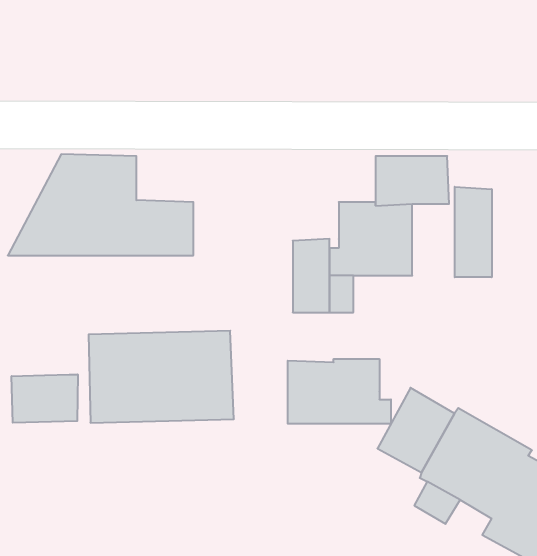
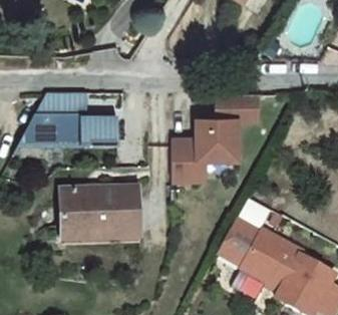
building: [455,187,492,277] -> none
building: [288,359,391,424] -> none
building: [12,374,78,423] -> none

